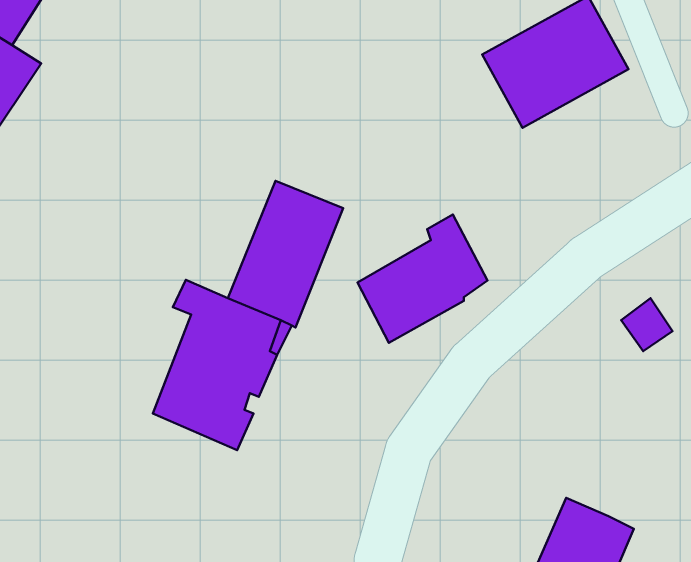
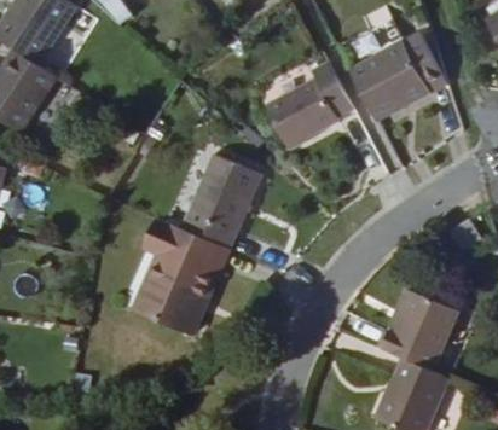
building: [358,215,488,343] -> [267,64,353,149]
building: none -> [377,295,458,374]

